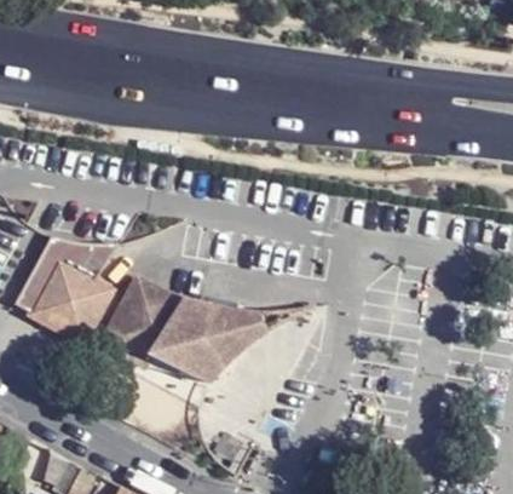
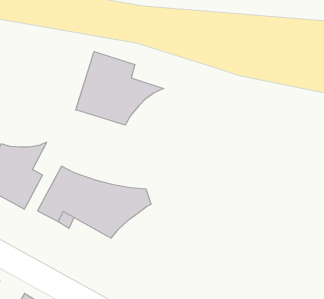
building: none -> [76,52,164,125]

